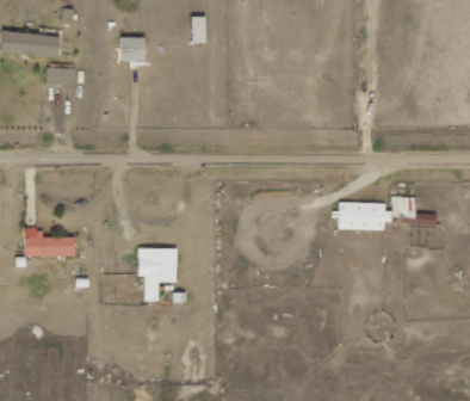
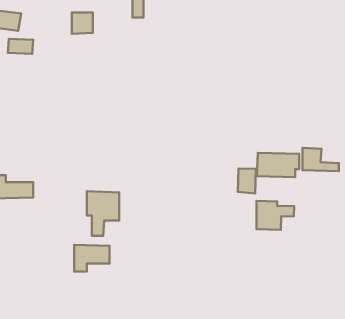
building: none -> [238,169,256,193]
building: none -> [257,201,294,230]
building: none -> [74,245,109,271]

